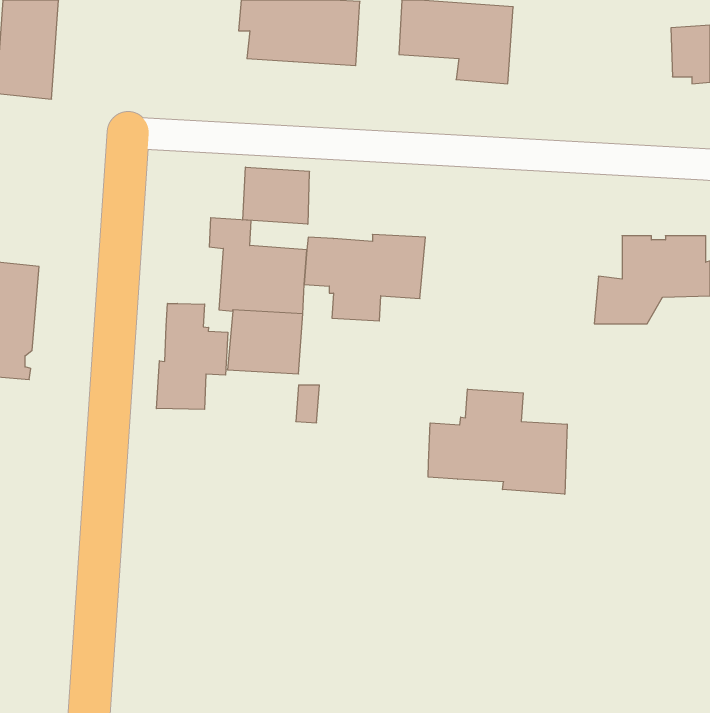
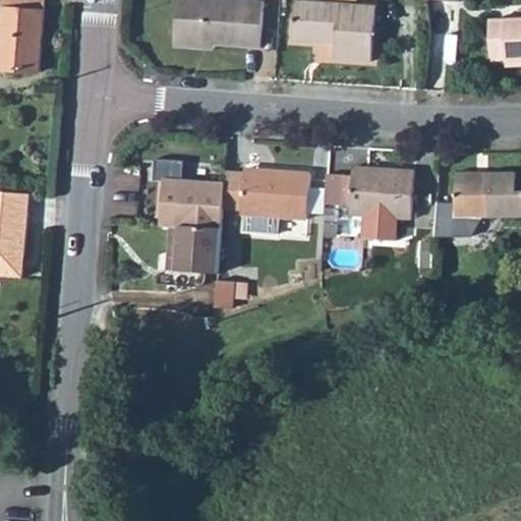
building: [243,167,309,224] -> none
building: none -> [324,167,414,241]
building: [156,303,228,409] -> none
building: [428,389,567,494] -> none

